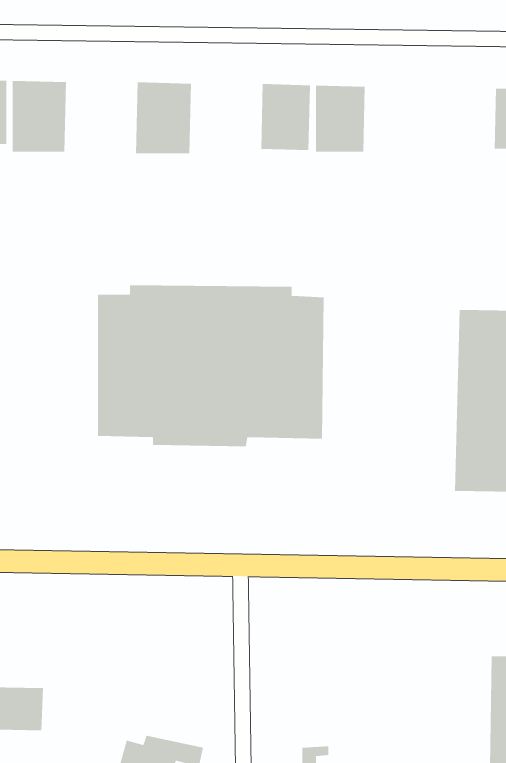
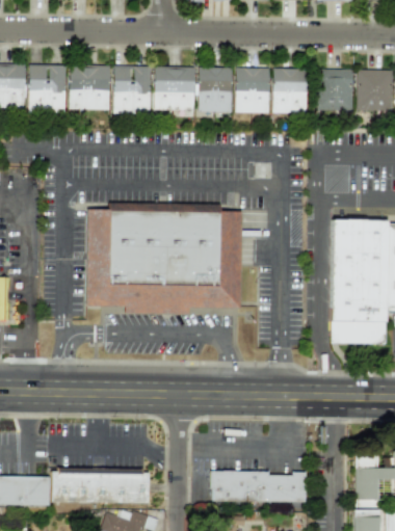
building: none -> [69,65,110,110]
building: none -> [154,67,194,110]
building: none -> [272,69,307,113]
building: none -> [317,70,352,111]
building: none -> [51,469,149,504]
building: none -> [211,473,306,503]

